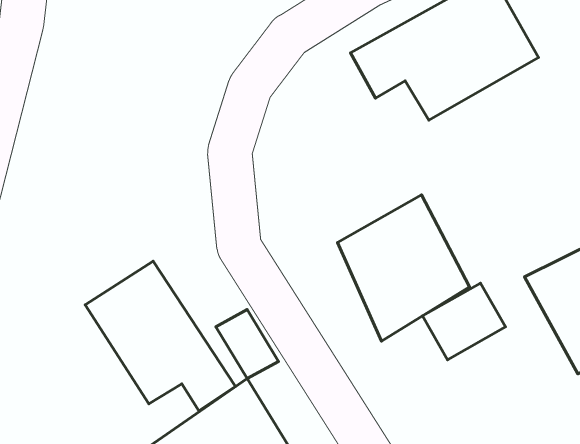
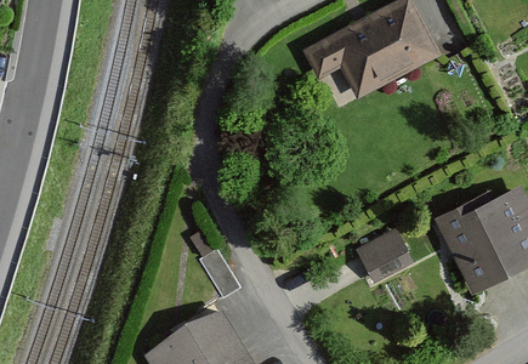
building: [337,195,469,341] -> none
building: [85,261,236,411] -> none

